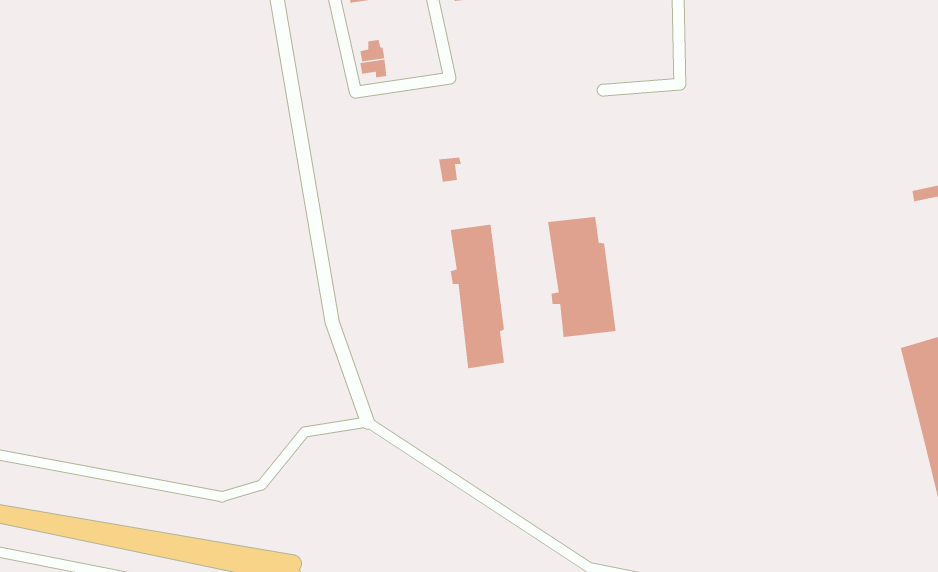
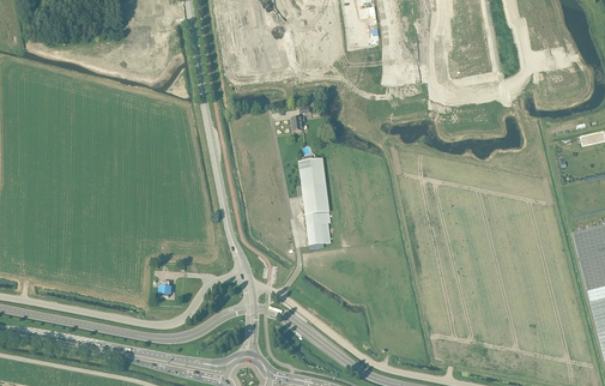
building: [547,216,616,338] -> none

